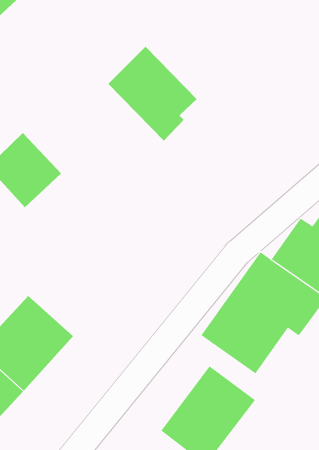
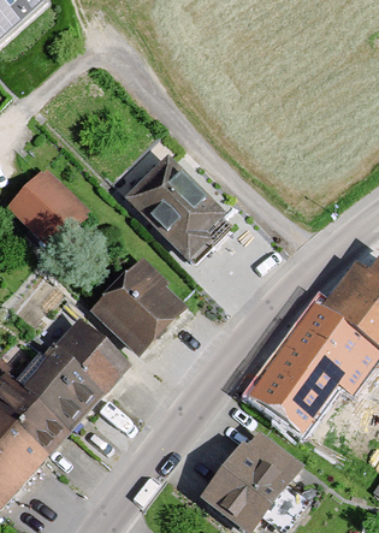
building: [108,46,198,141] -> [123,153,223,259]
building: none -> [88,255,185,356]
building: none -> [52,318,129,392]

